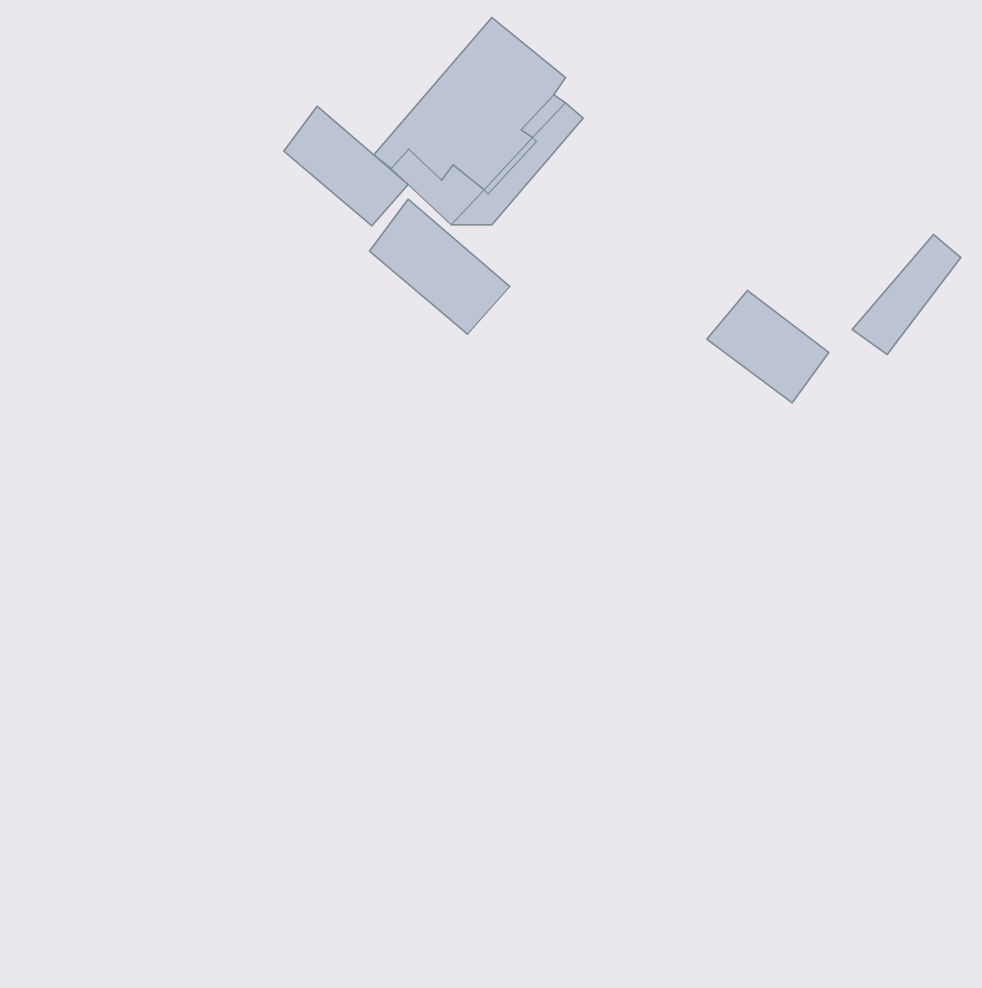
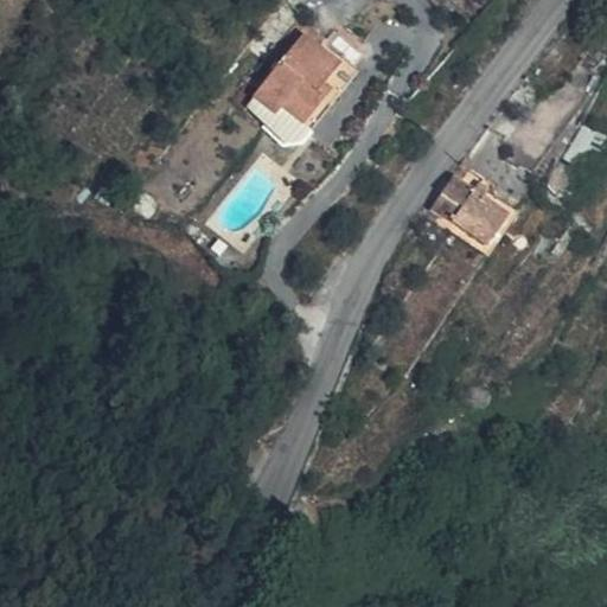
building: [284,106,408,226] -> none
building: [369,199,510,334] -> none

